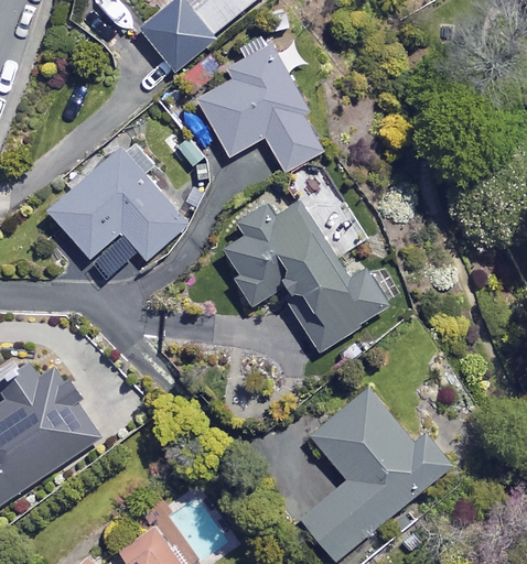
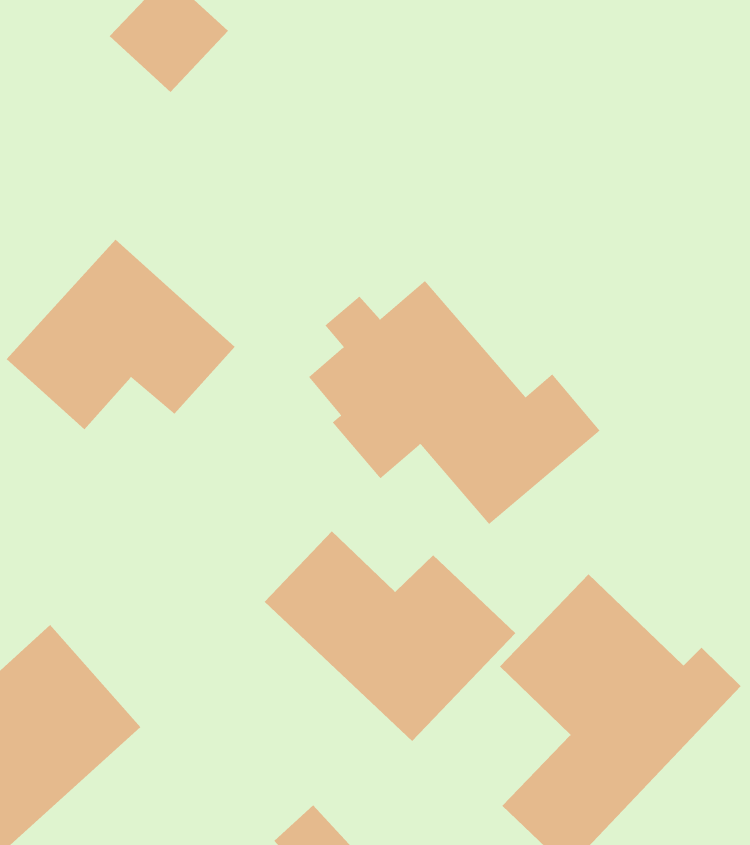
building: [196,46,327,172] -> none
building: none -> [264,530,516,742]

